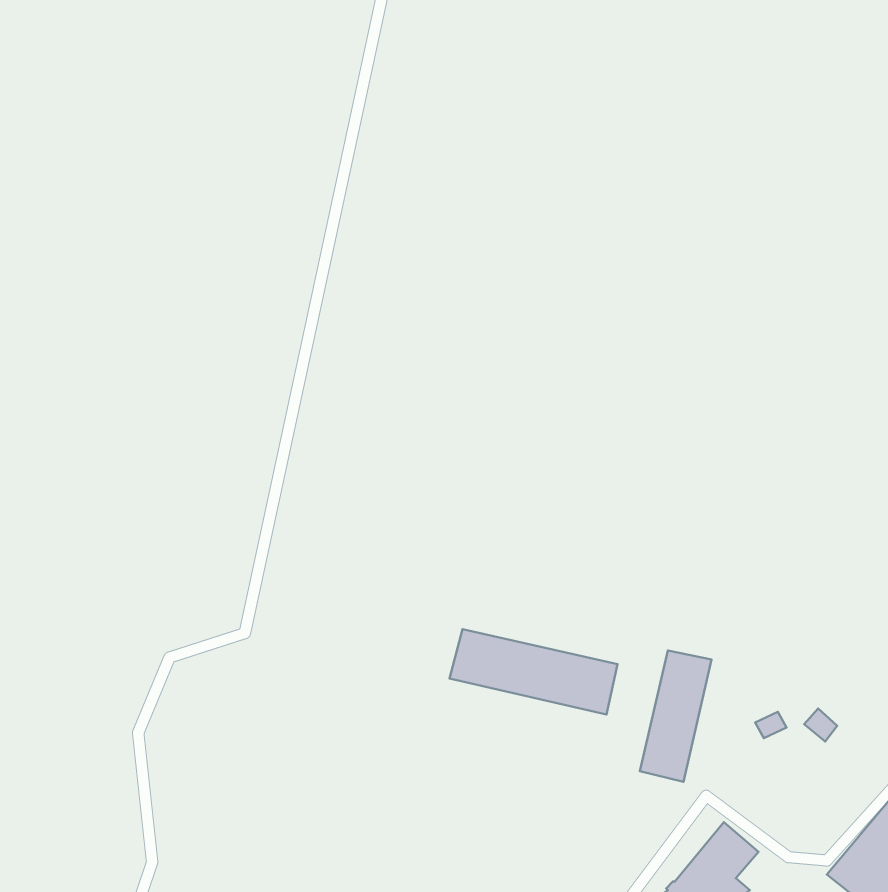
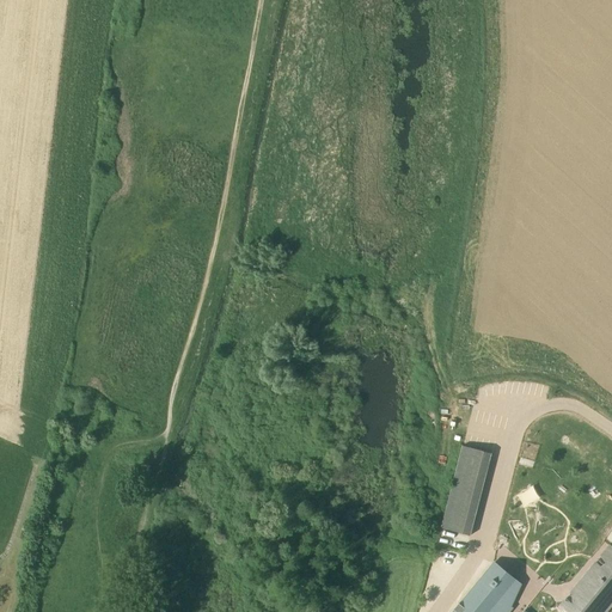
building: [449,629,618,714] -> none

